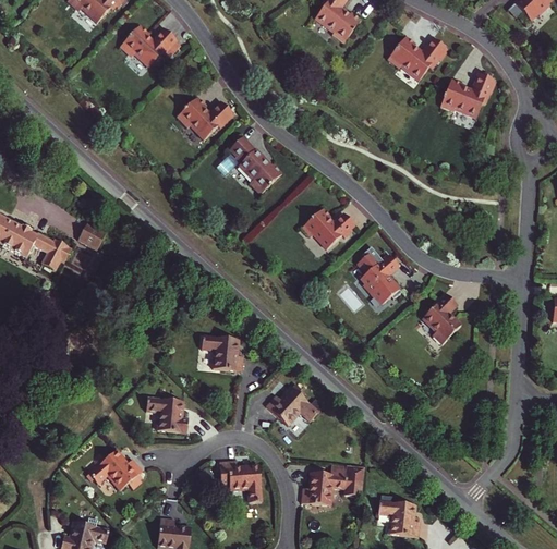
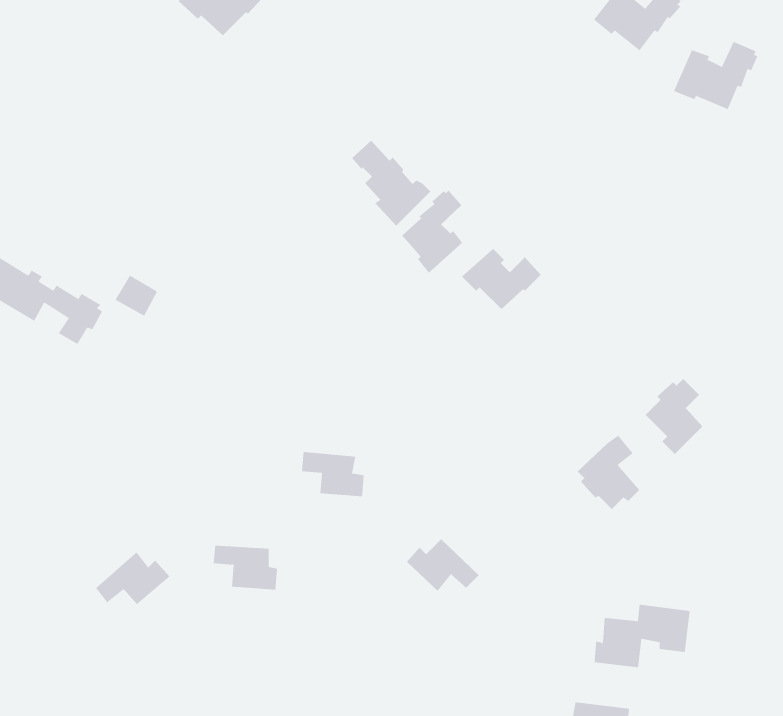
building: [178,98,234,139] -> none
building: none -> [401,190,463,274]
building: [361,255,402,304] -> [577,435,640,510]
building: [90,455,140,490] -> [95,552,170,605]
building: [231,460,261,501] -> none
building: [298,464,361,505] -> [594,604,690,668]

